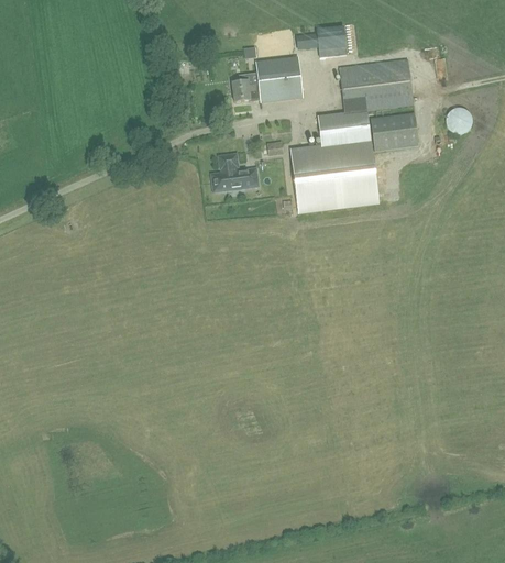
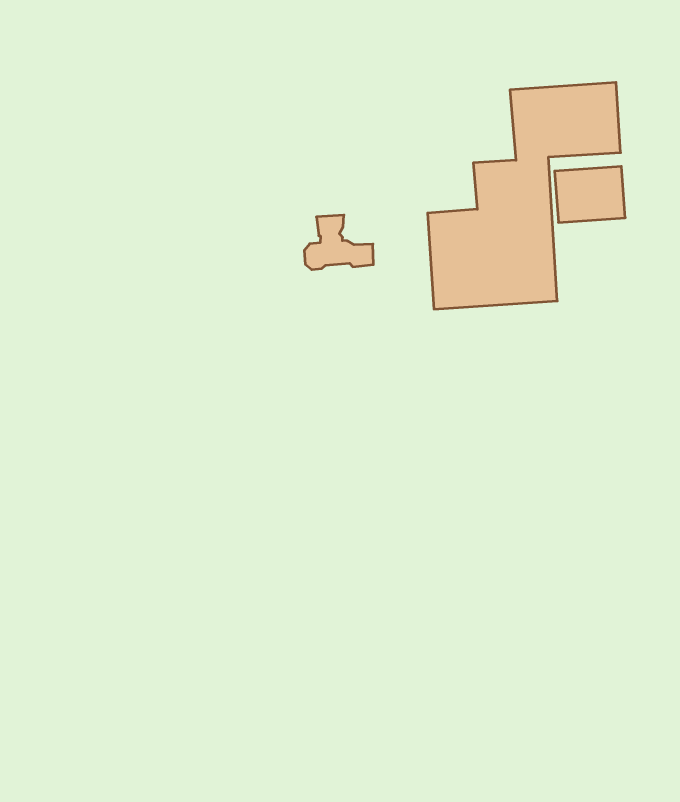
building: [299,25,347,56] -> none
building: [231,63,300,107] -> none

